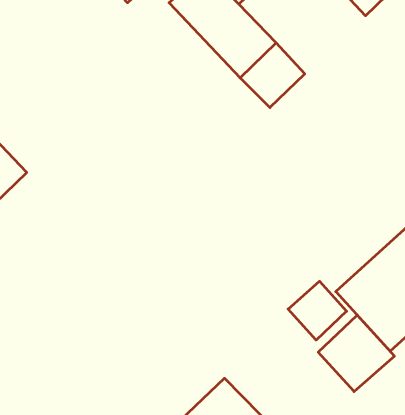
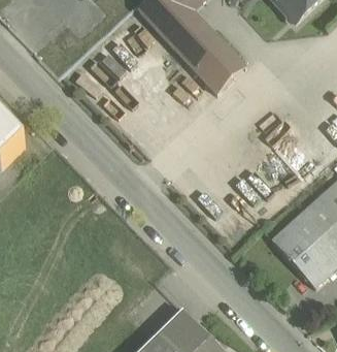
building: [288,281,347,340] -> none
building: [318,315,394,392] -> none

